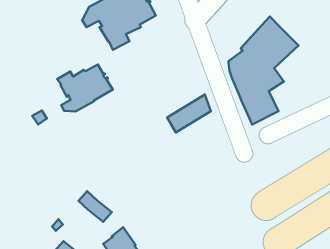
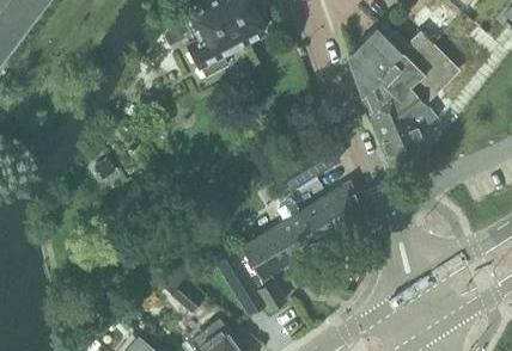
building: none -> [349,26,409,92]
building: [57,64,113,112] -> none
building: none -> [213,181,362,314]

